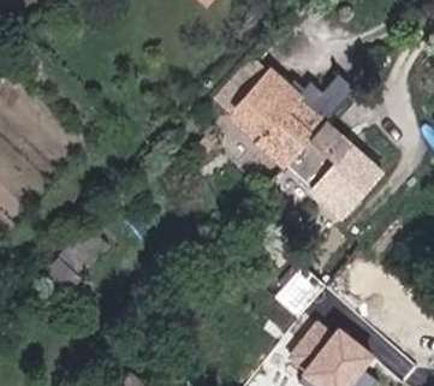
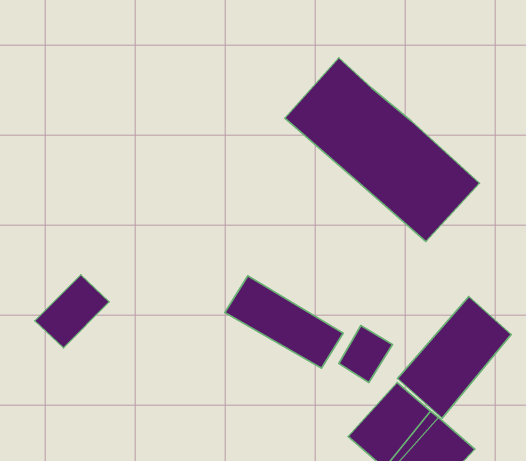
building: none -> [225,276,343,368]
building: none -> [397,297,511,418]

